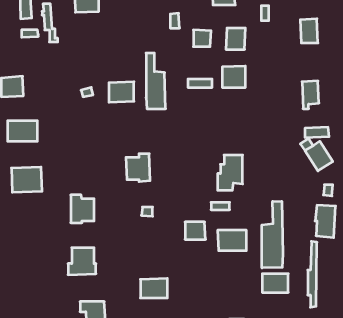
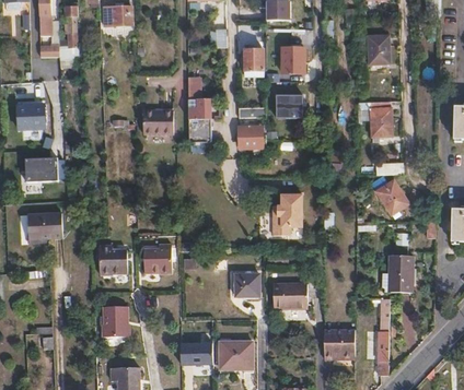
building: none -> [239,127,278,150]
building: [126,154,150,182] -> [142,241,171,274]
building: [262,201,283,268] -> none
building: none -> [218,341,251,368]

